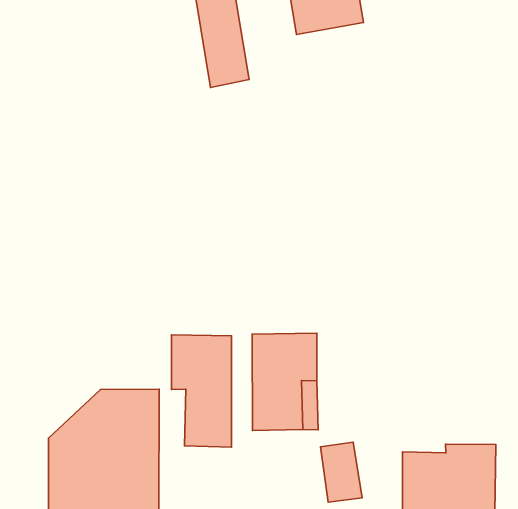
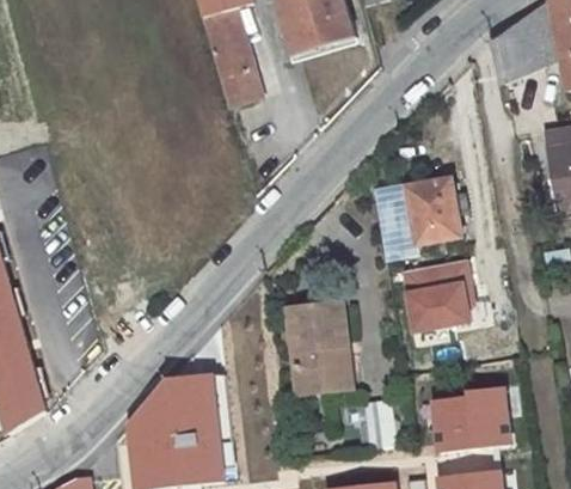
building: none -> [375,181,468,251]
building: none -> [397,261,469,331]
building: [171,335,232,447] -> none

